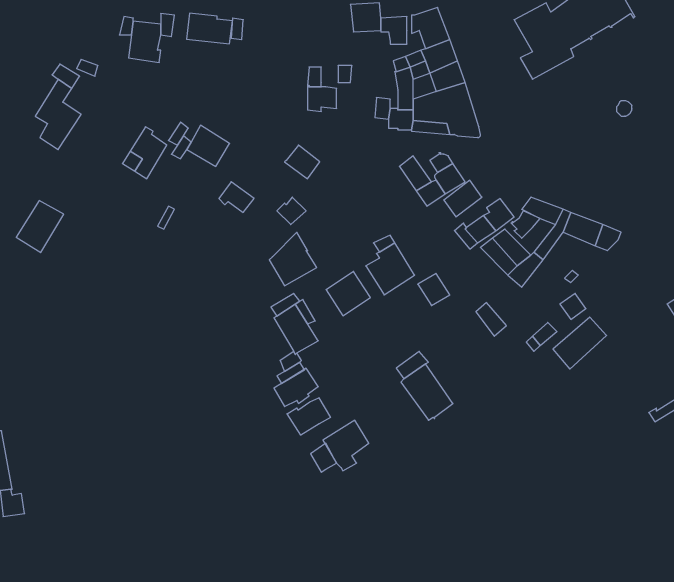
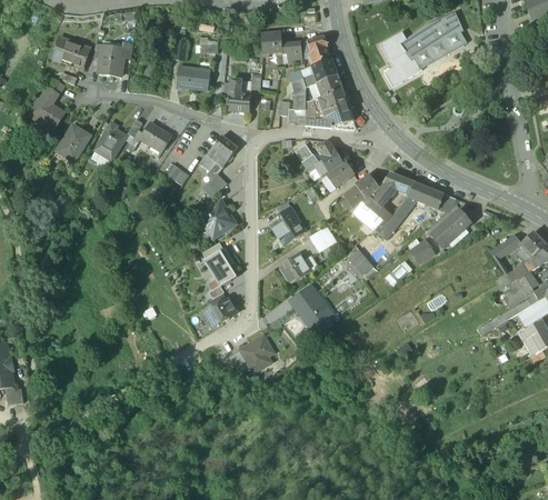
building: none -> [51,36,88,64]
building: [187,13,232,44] -> [177,66,210,88]
building: none -> [199,146,229,178]
building: [16,201,64,253] -> [57,123,91,161]
building: [326,271,370,316] -> [279,251,311,283]
building: [553,317,607,369] -> [431,209,470,247]
building: [287,398,330,435] -> none

